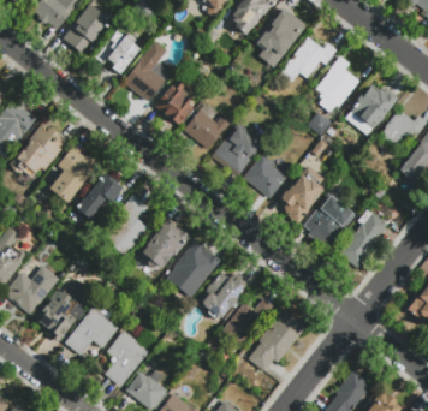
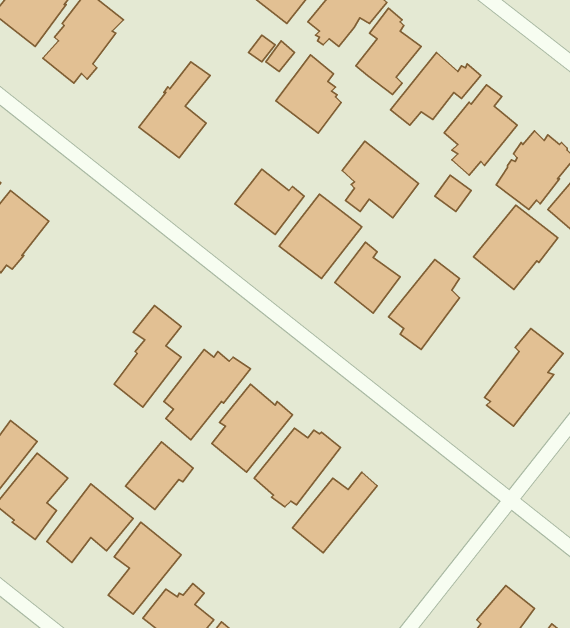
building: [93,29,139,75] -> none
building: [154,78,195,127] -> [276,55,341,133]
building: none -> [342,141,419,218]
building: [47,147,101,204] -> none
building: [76,174,124,226] -> none
building: [303,193,356,246] -> [473,205,558,289]
building: none -> [125,442,193,509]
building: [244,308,308,371] -> none

